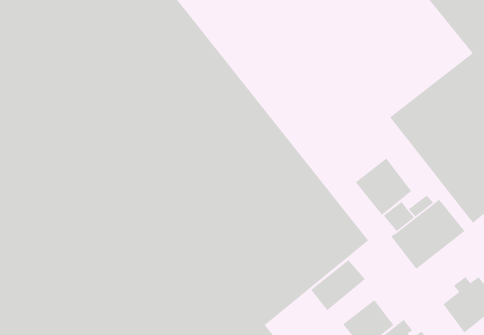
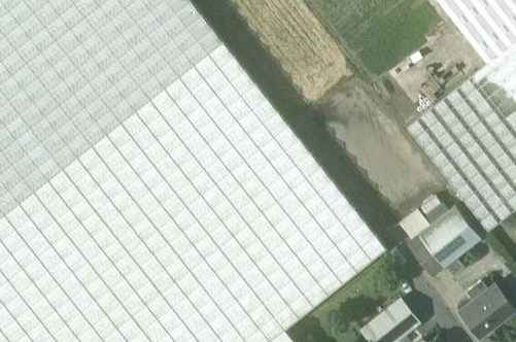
building: [355,158,412,216] -> none
building: [310,259,366,311] -> none

